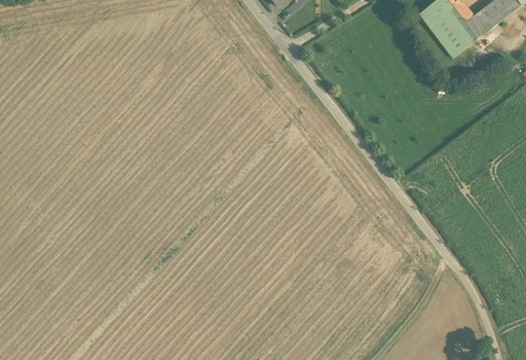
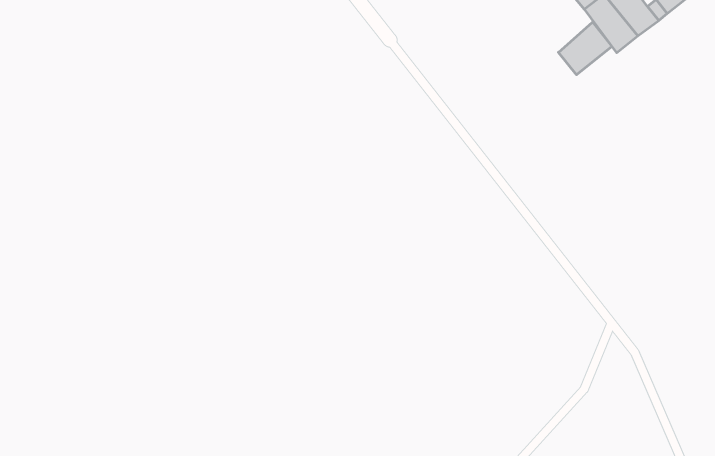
building: none -> [558,22,612,75]

